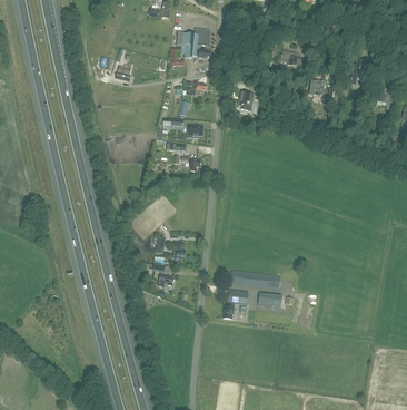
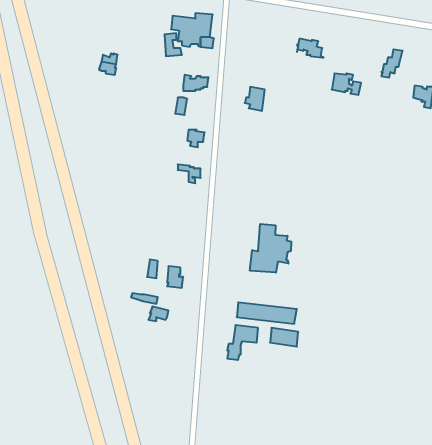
building: none -> [250,224,291,273]

